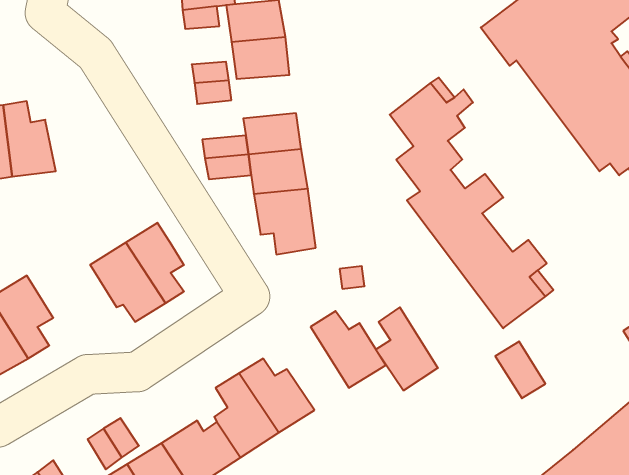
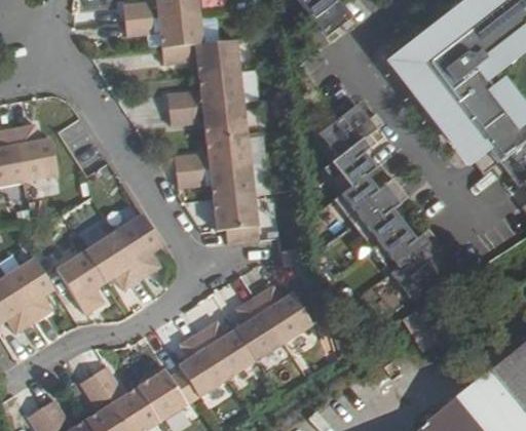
building: none -> [200,100,247,133]
building: none -> [52,247,107,317]
building: [376,307,438,390] -> [239,296,288,360]

